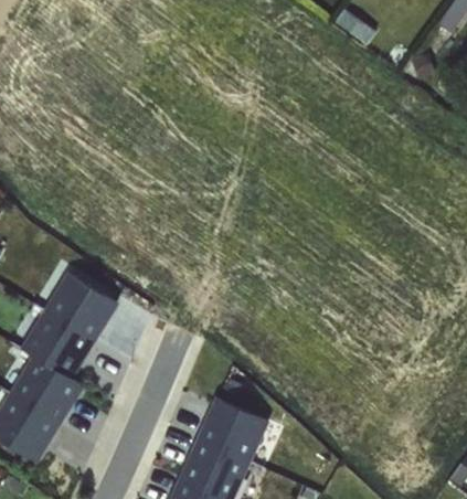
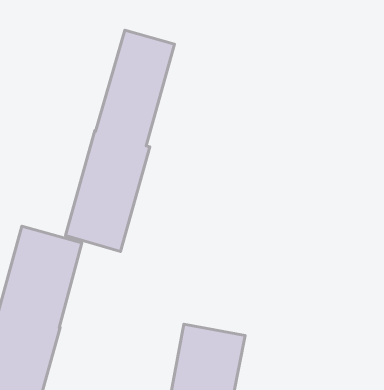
building: none -> [66,30,175,252]

